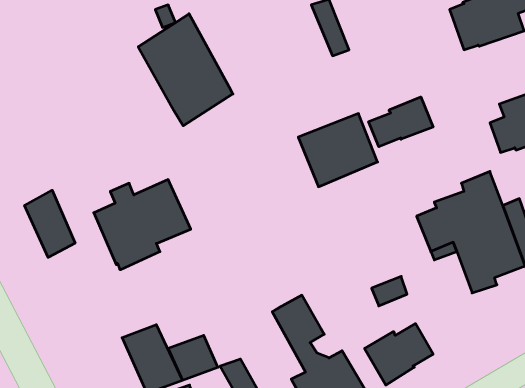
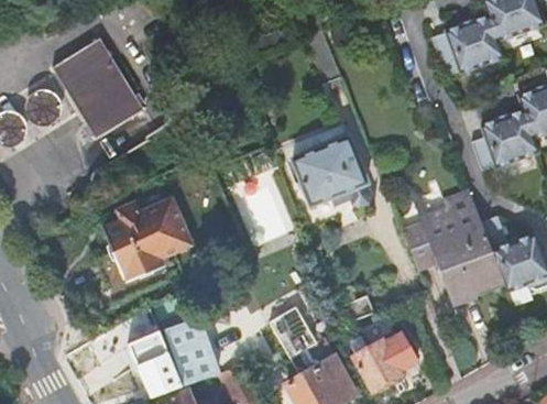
building: [138,14,233,126] -> [51,35,139,140]
building: [369,97,433,147] -> none
building: [25,190,75,257] -> none

